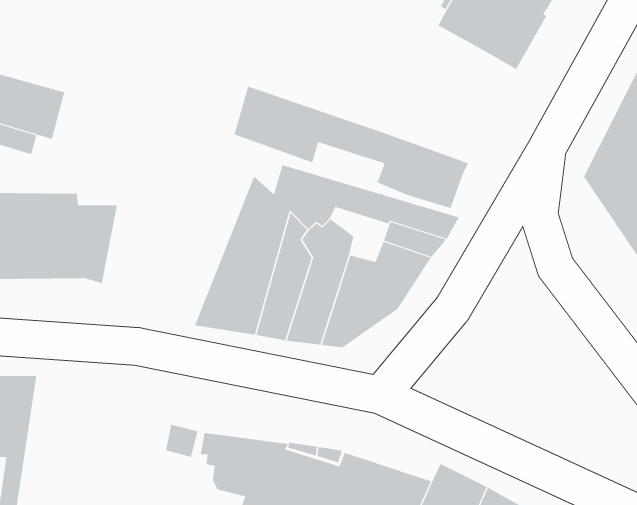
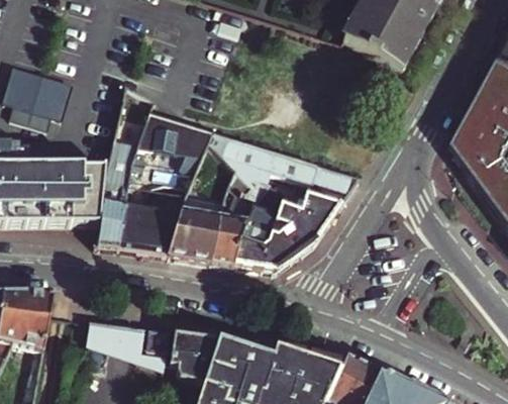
building: [234,86,469,209] -> none
building: none -> [97,115,230,256]
building: none -> [87,321,166,372]

